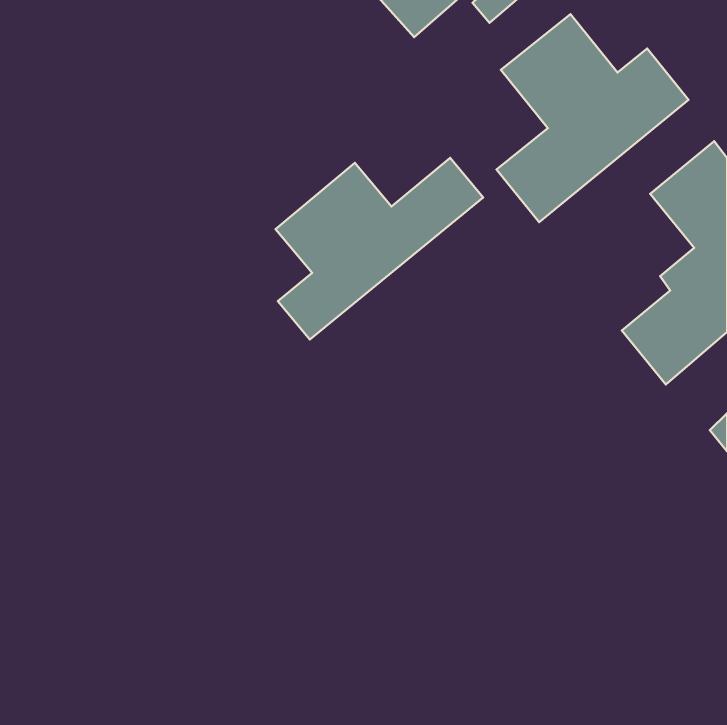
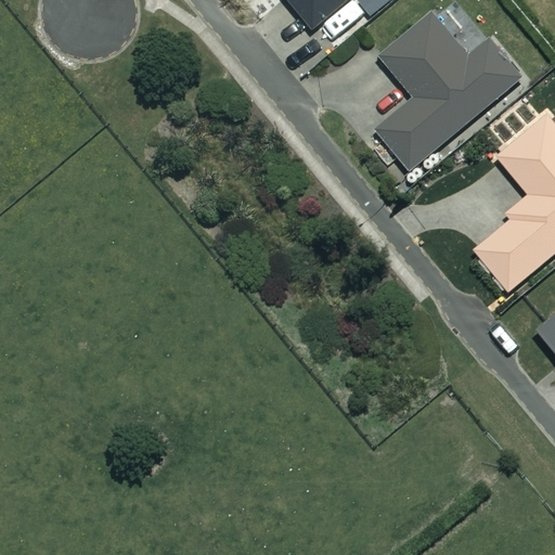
building: [276,158,483,340] -> none

